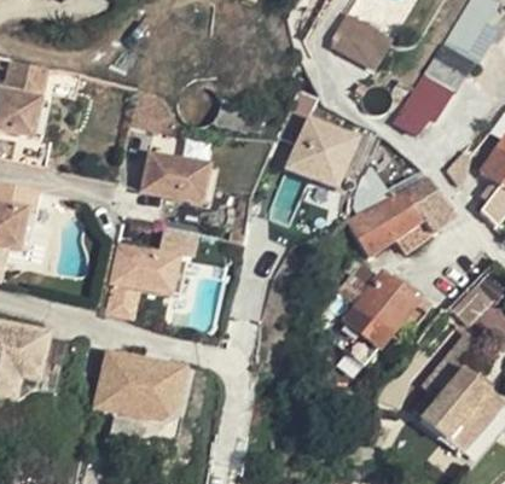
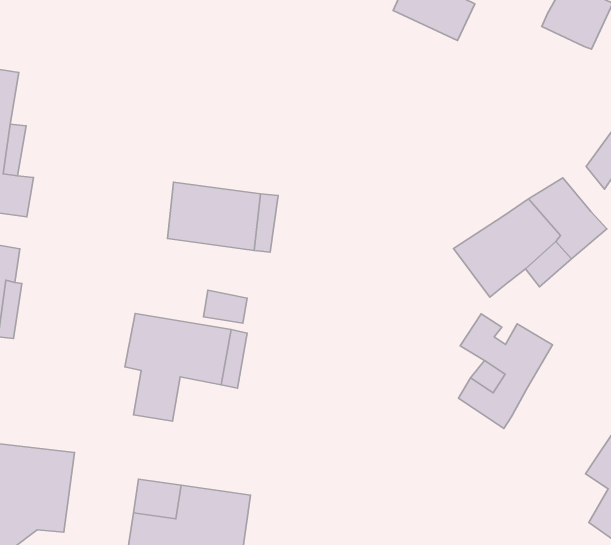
building: [402,72,449,118] -> none
building: [281,111,358,188] -> none

